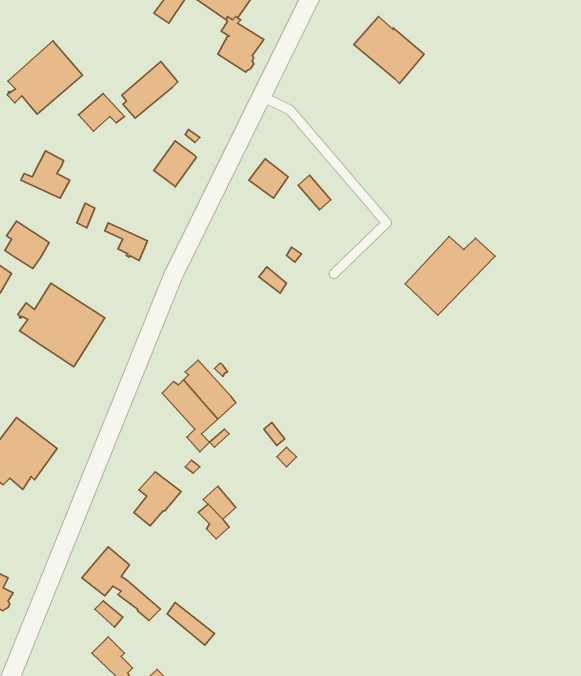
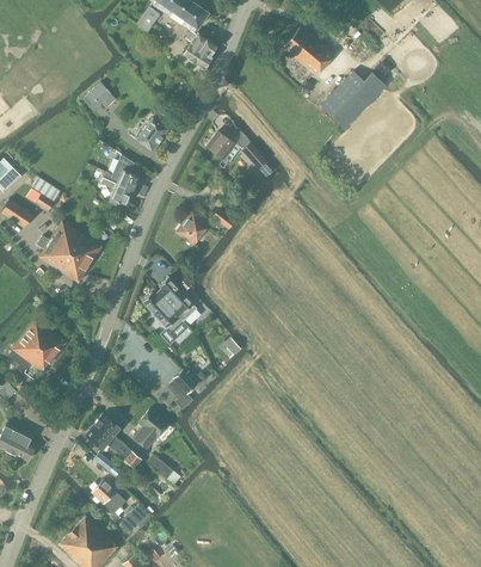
building: [7,41,82,114] -> none
building: [122,62,178,118] -> none
building: [21,151,70,198] -> [104,156,140,191]
building: [405,237,495,315] -> [321,72,387,129]
building: none -> [177,210,210,245]
building: [134,472,181,526] -> [135,409,169,449]

